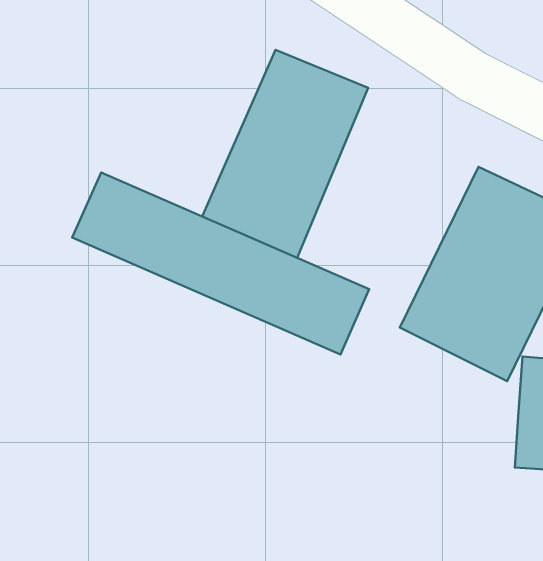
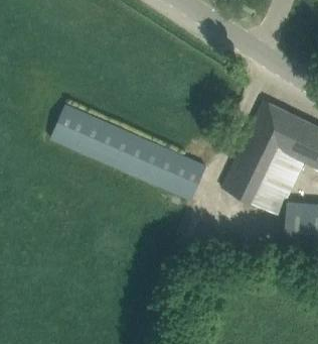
building: [202,50,368,258] -> none

